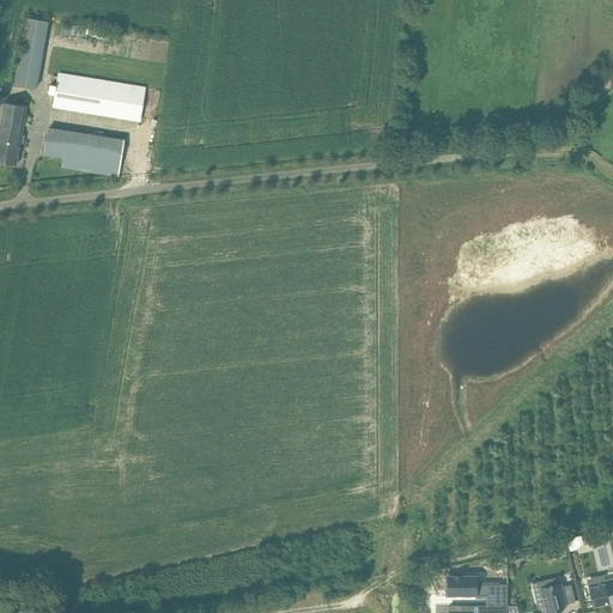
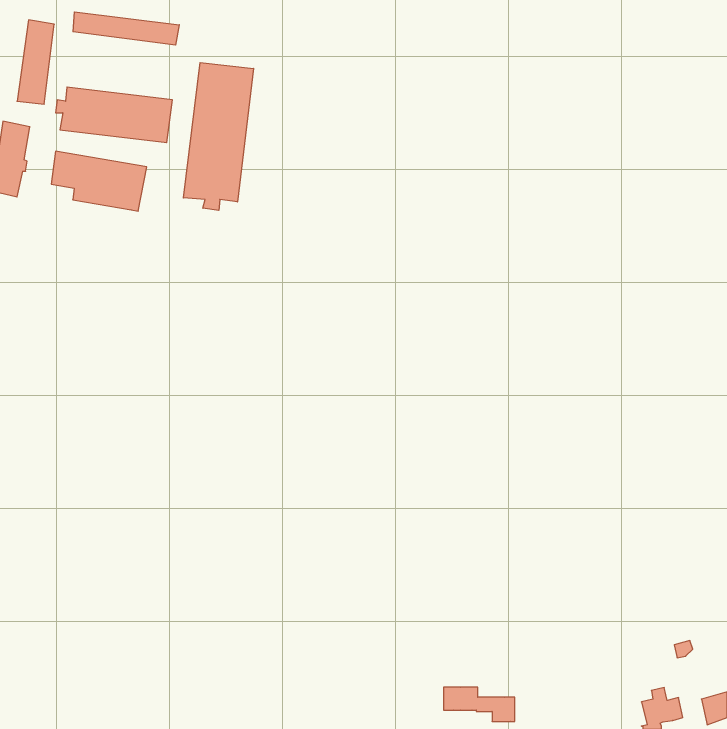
building: none -> [73,12,179,45]
building: none -> [183,63,254,210]
building: [447,576,506,605] -> [444,687,515,721]

